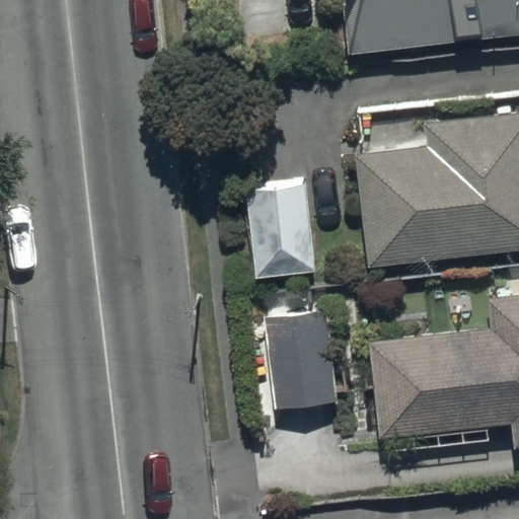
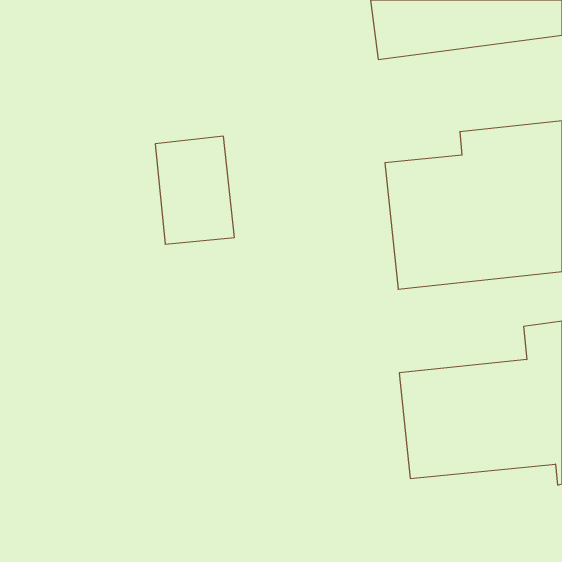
building: [246,178,319,278] -> [155,136,234,244]
building: [266,307,336,411] -> none

